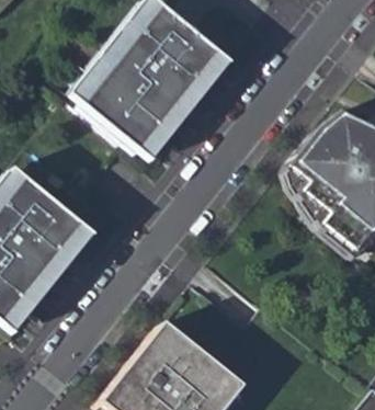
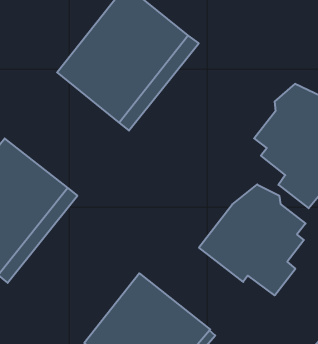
building: none -> [199,184,306,295]

